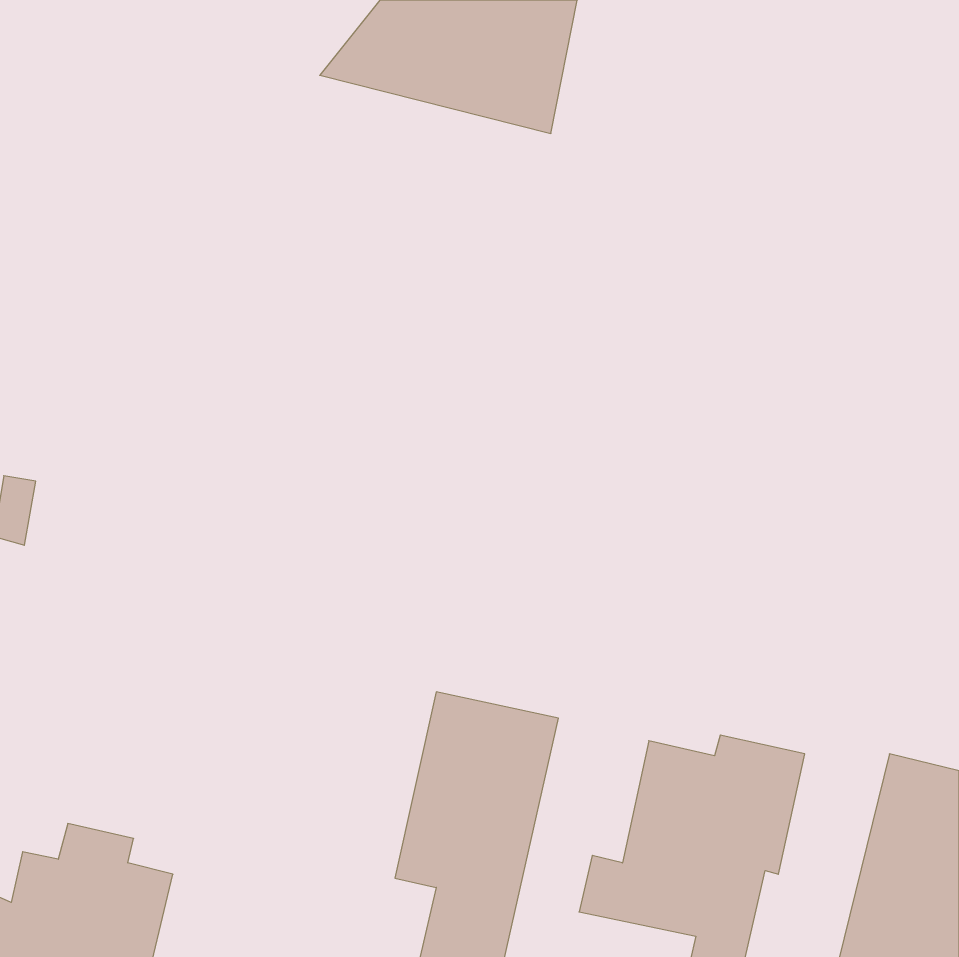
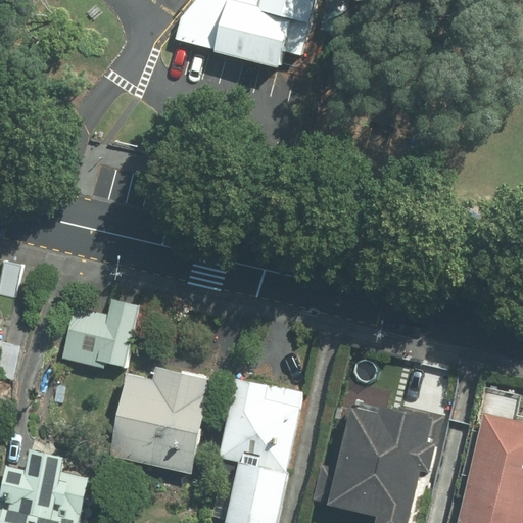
building: none -> [61,299,139,367]
building: none -> [109,367,213,474]

